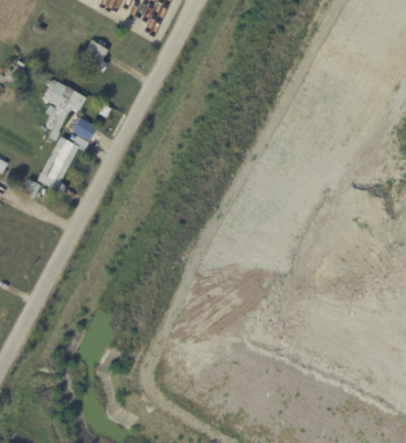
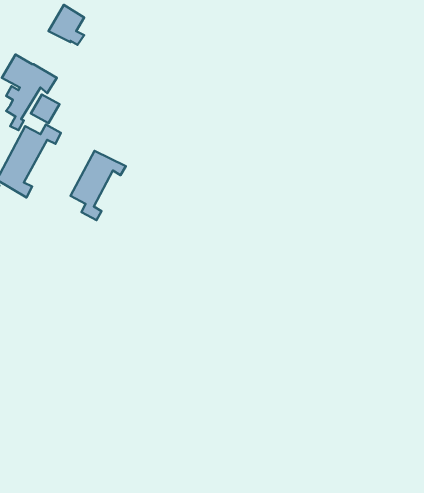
building: none -> [70,151,126,220]

